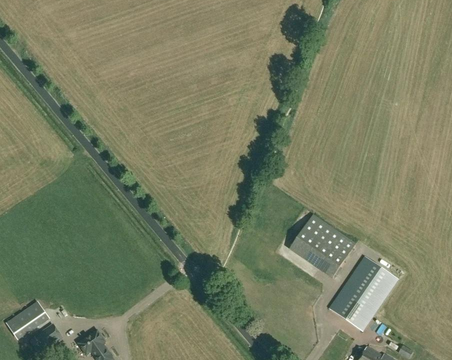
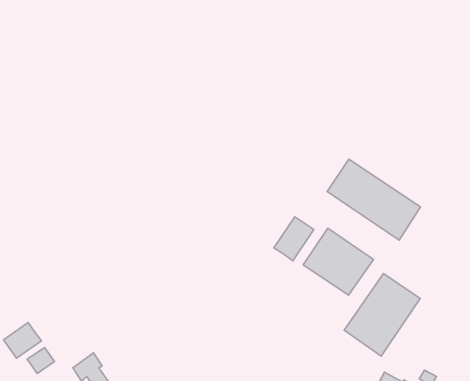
building: none -> [327,159,420,240]
building: none -> [274,217,314,261]

